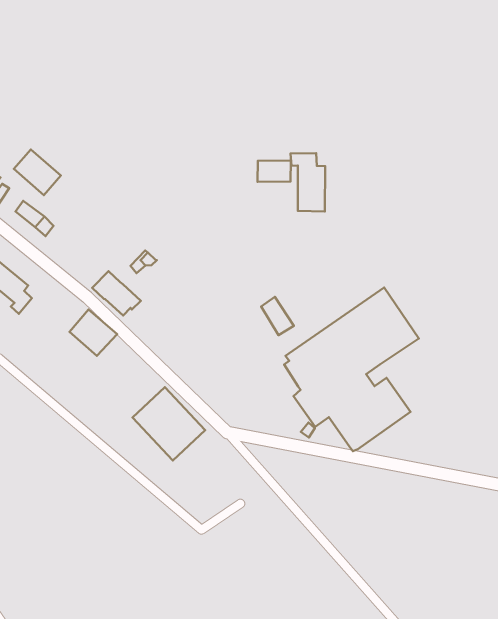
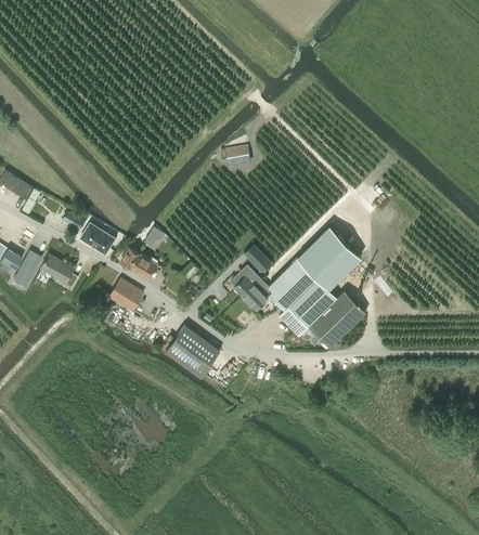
building: [14,149,61,195] -> [80,222,115,253]
building: [290,153,325,212] -> none
building: none -> [230,264,272,310]

